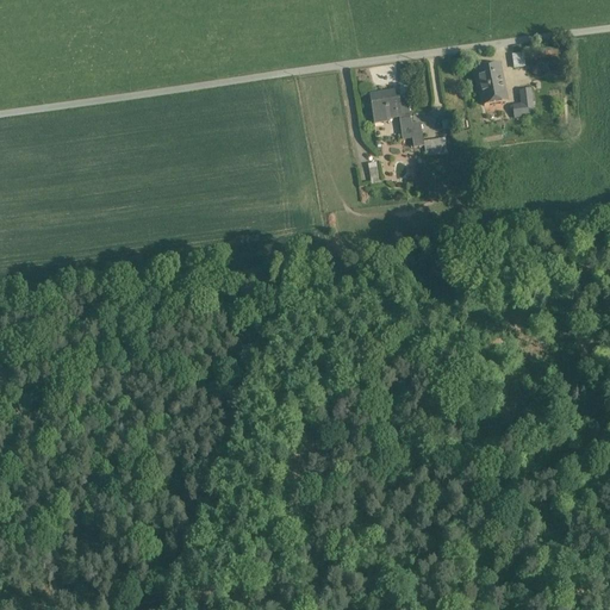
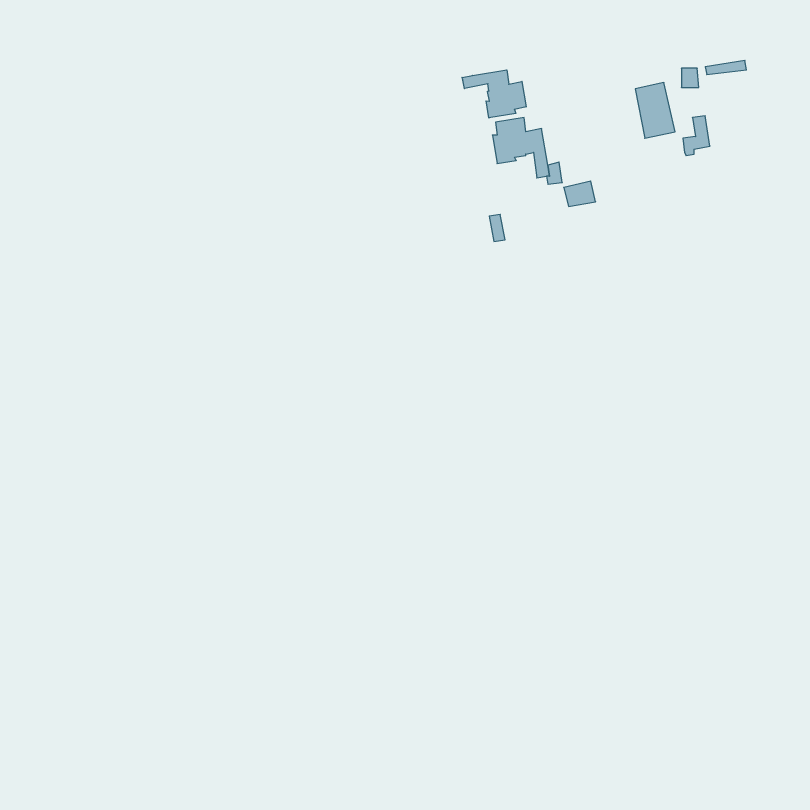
building: none -> [462,70,526,118]

